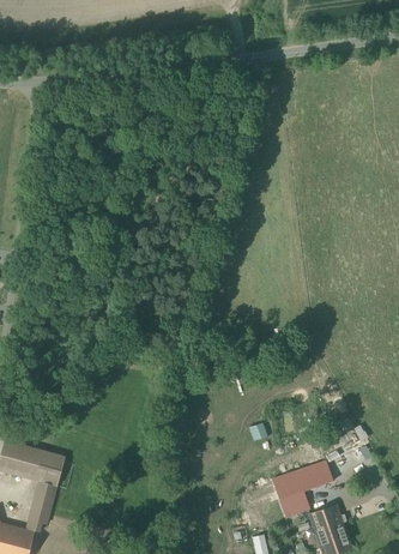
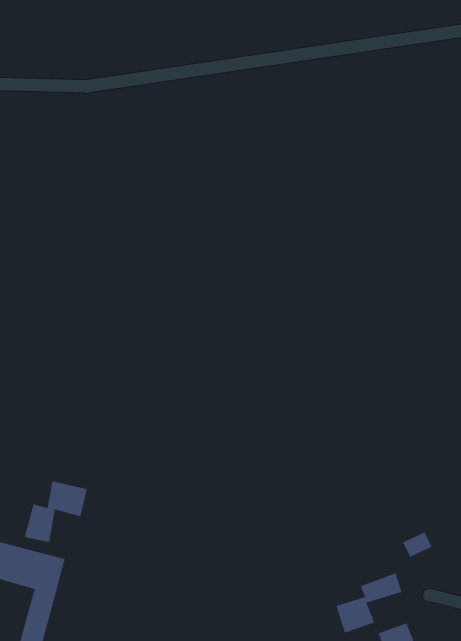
building: none -> [24,480,87,543]

